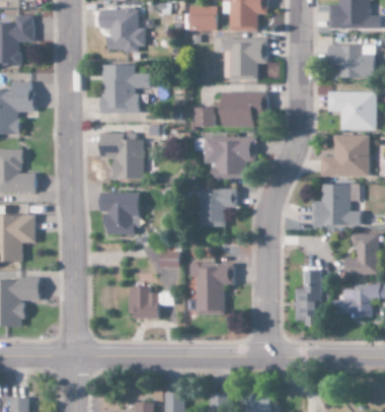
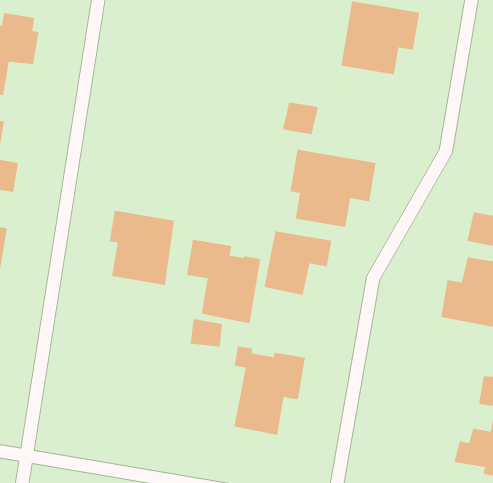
building: [101,65,150,114] -> none
building: [221,91,268,128] -> none
building: [99,133,144,180] -> [186,239,261,324]
building: [295,268,322,325] -> none
building: [130,287,158,319] -> none

